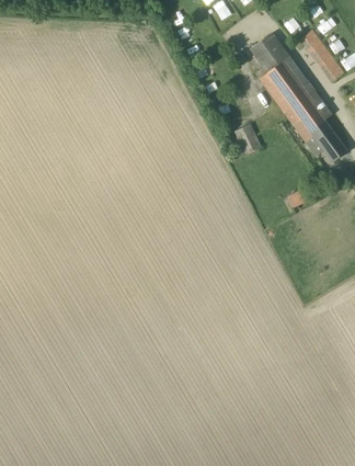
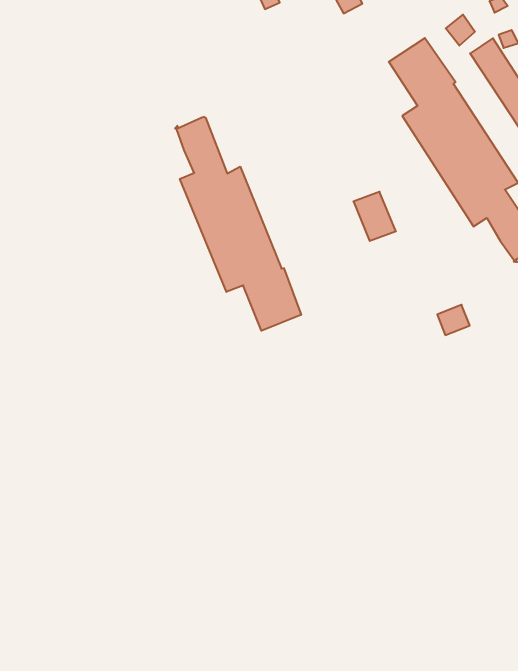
building: none -> [175,117,301,331]

